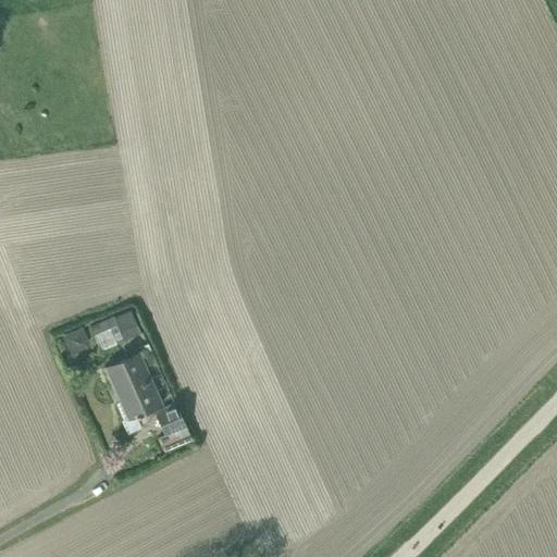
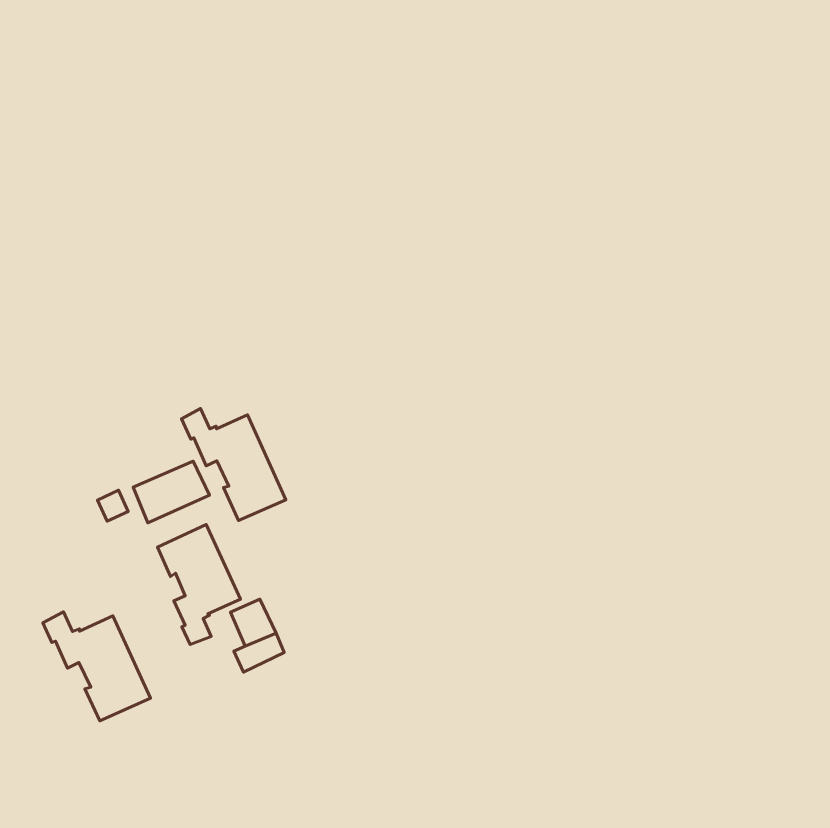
building: none -> [182,409,286,520]
building: none -> [43,612,150,721]

